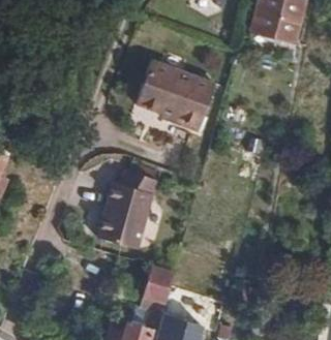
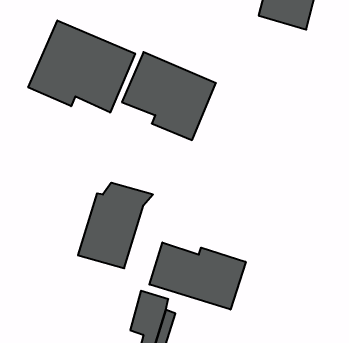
building: none -> [28,20,135,113]
building: none -> [149,242,246,310]

